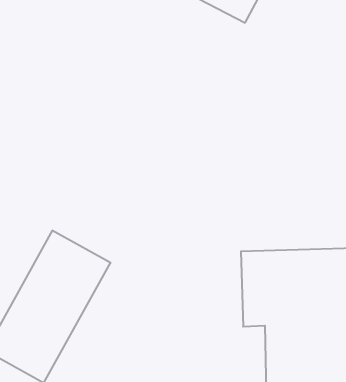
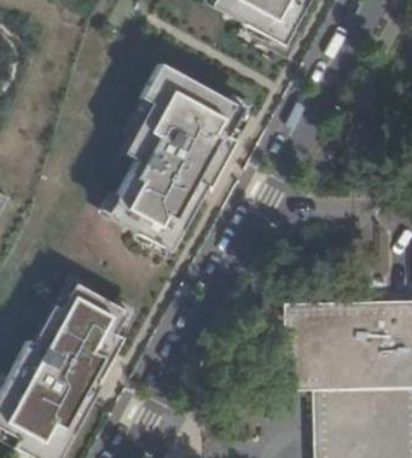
building: none -> [112,66,242,238]

